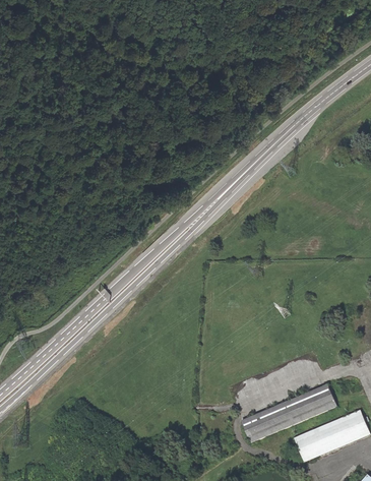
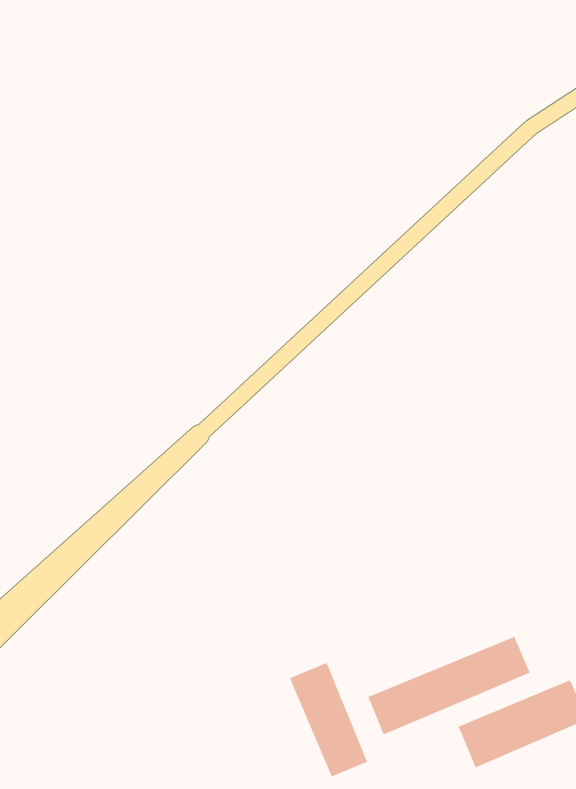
building: none -> [289,662,368,777]

